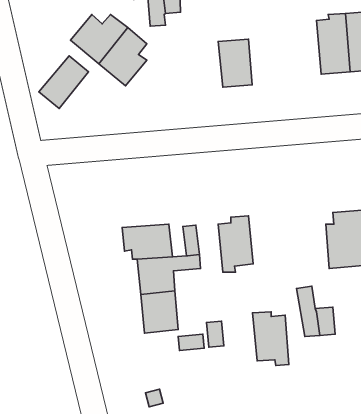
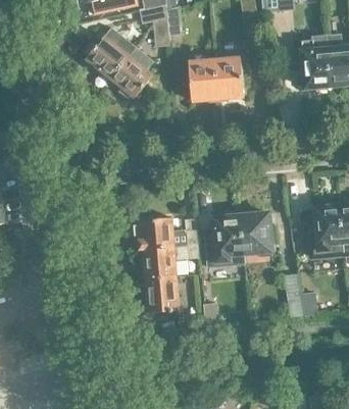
building: none -> [189,59,218,101]
building: [39,56,89,108] -> none
building: [252,312,289,366] -> [241,210,272,257]

